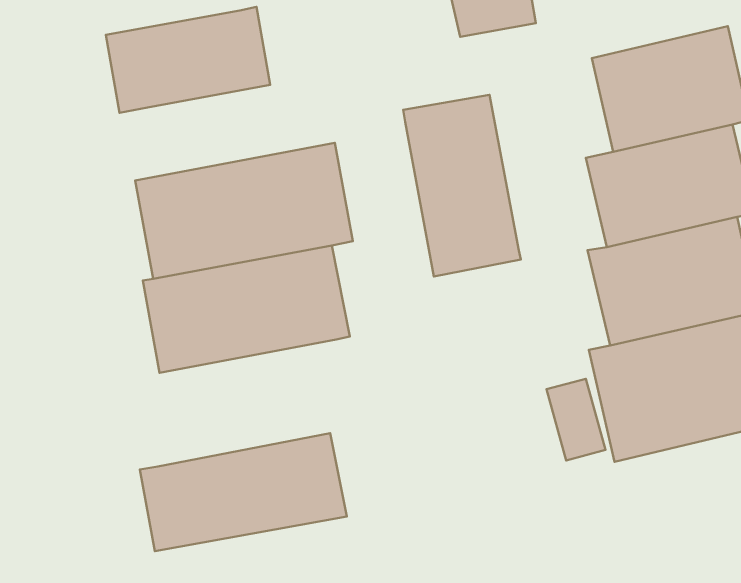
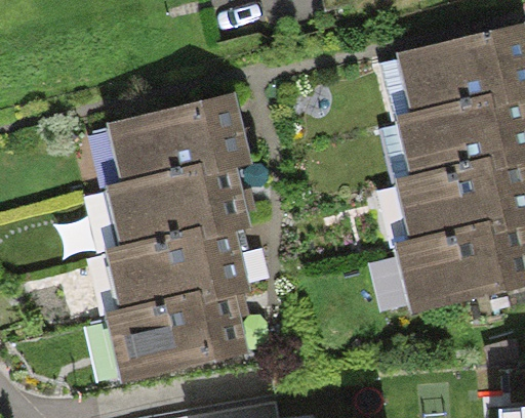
building: [106,7,270,113] -> none
building: [403,95,521,276] -> none
building: none -> [104,232,247,318]

